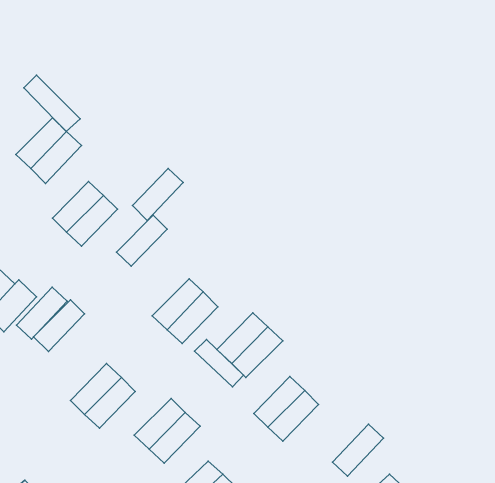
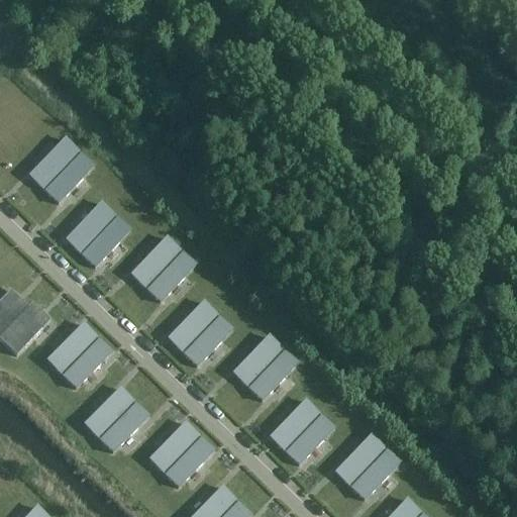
building: [24,75,80,131] -> none
building: [132,169,183,220] -> [145,249,197,302]
building: [16,287,67,339] -> [62,335,113,388]
building: [195,340,244,387] -> none
building: none -> [334,433,386,486]

